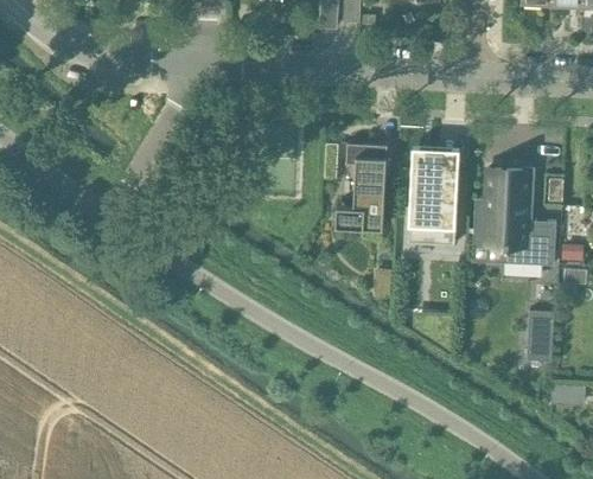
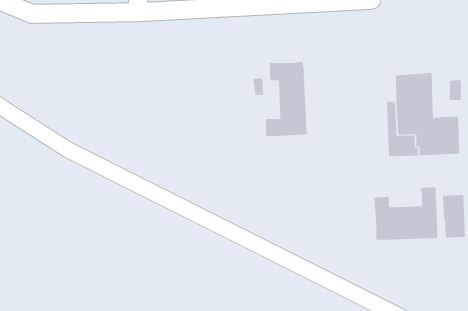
building: [408,147,460,245] -> none
building: none -> [374,187,438,240]

